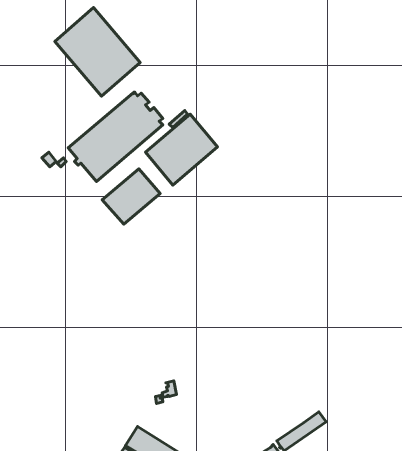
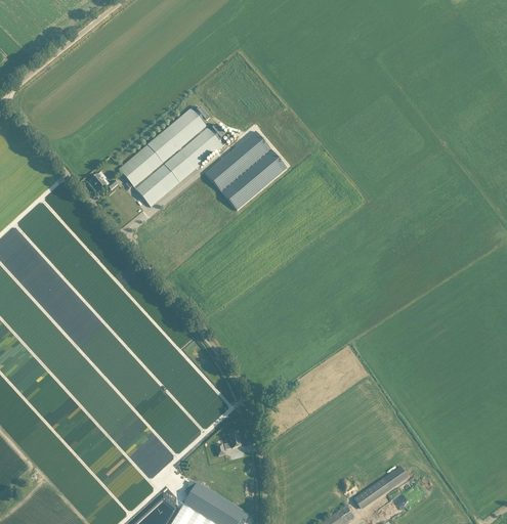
building: [55,8,140,96] -> none
building: [102,169,160,224] -> none

